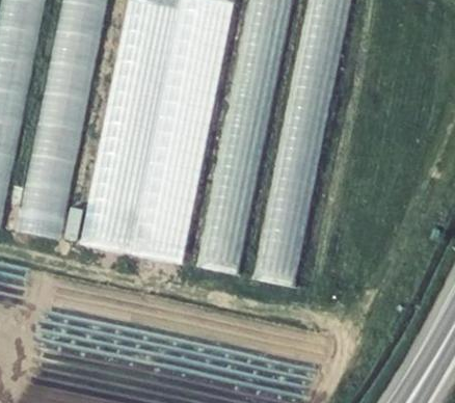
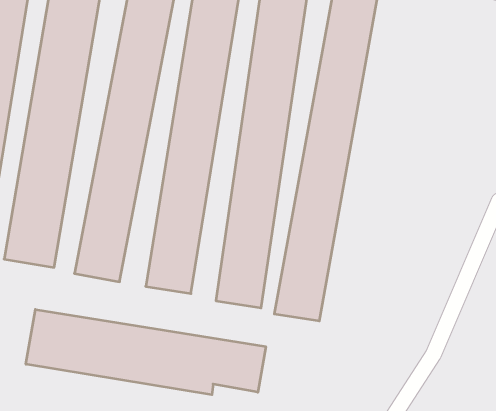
building: none -> [26,309,266,395]

